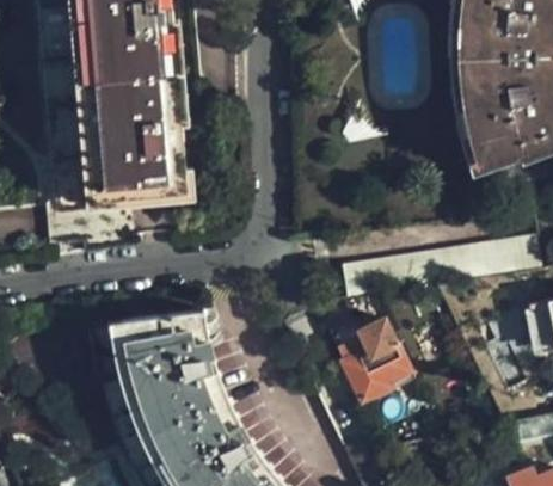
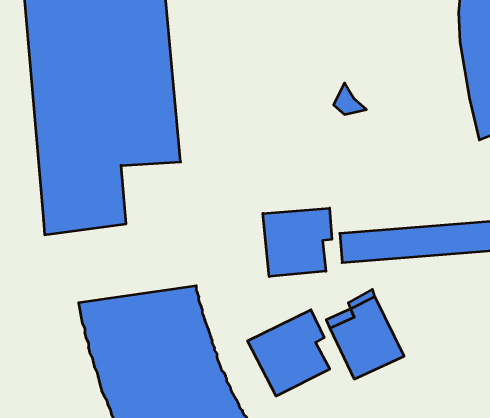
building: none -> [263,208,332,277]
building: none -> [248,310,330,396]

